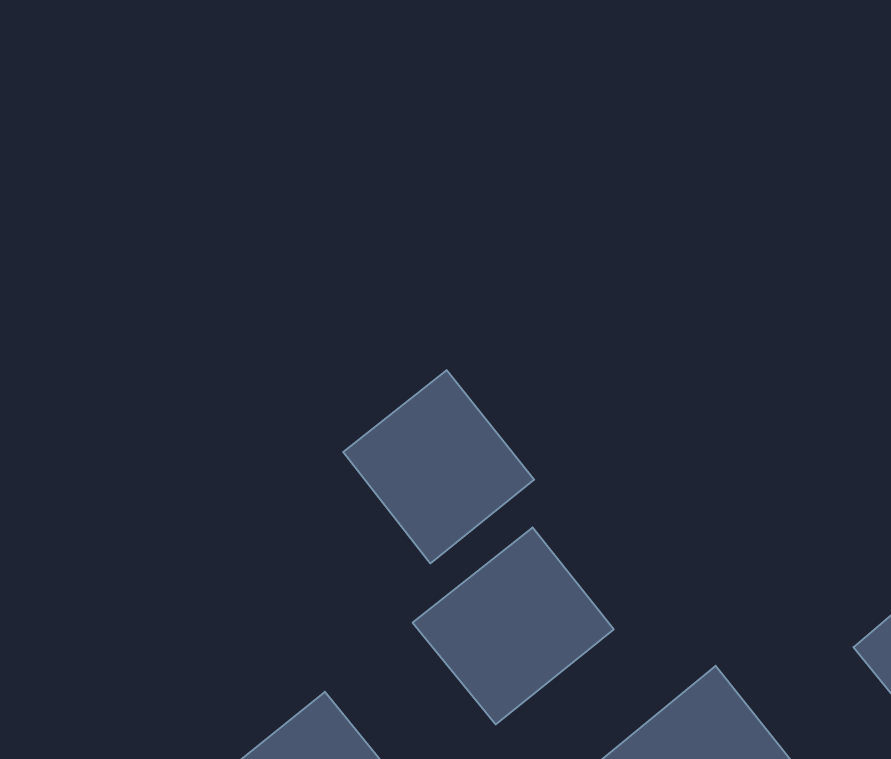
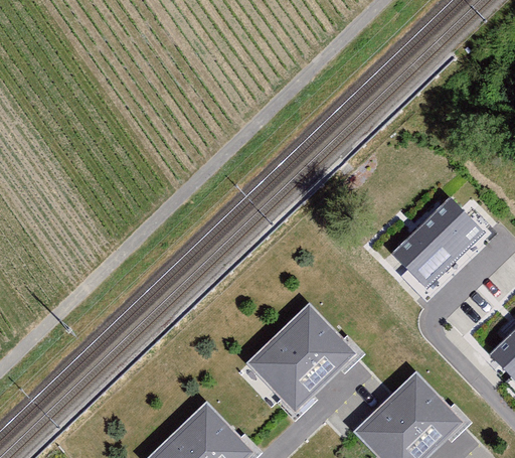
building: none -> [390,198,486,293]
building: [343,370,534,563] -> none

